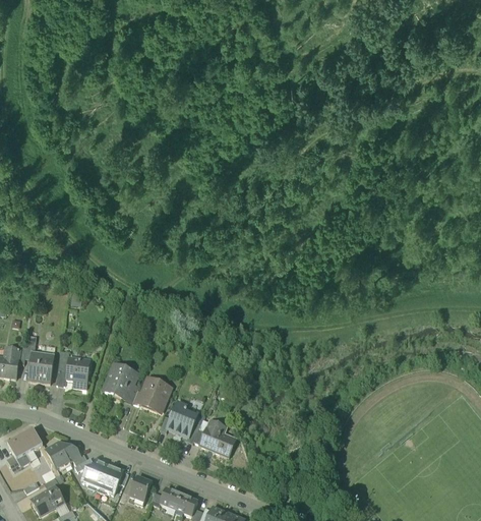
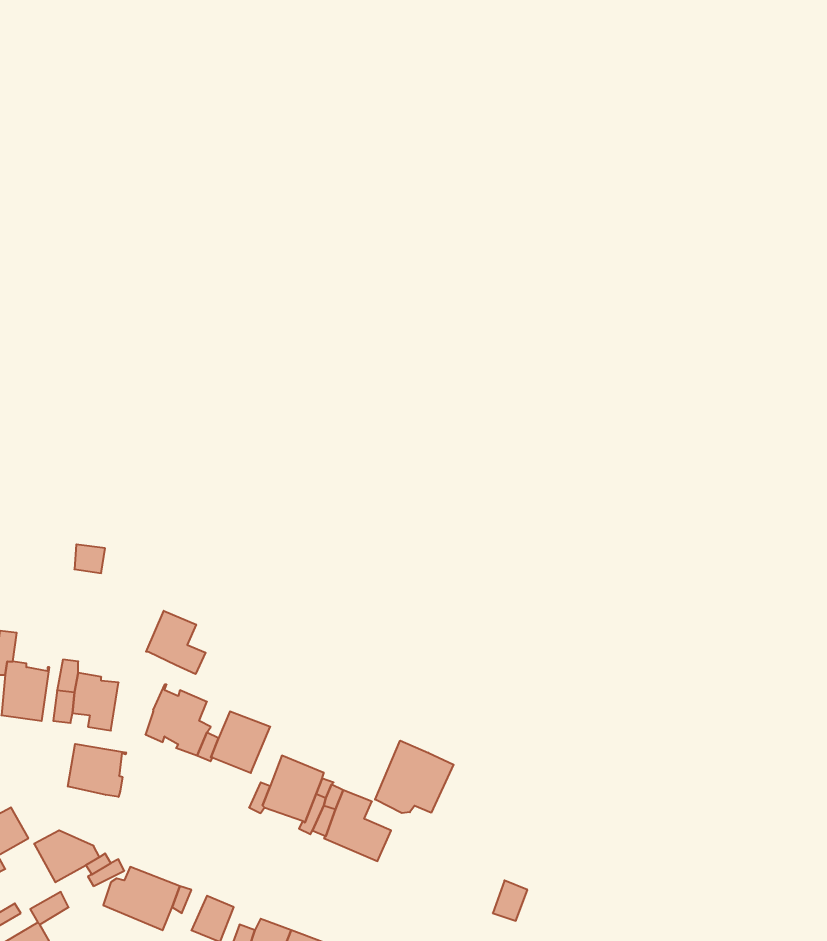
building: none -> [146,611,206,674]
building: none -> [375,741,454,813]
building: none -> [68,744,126,797]

